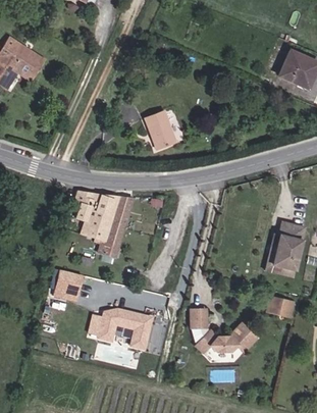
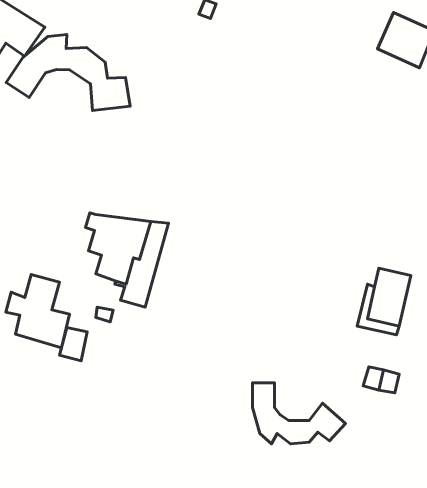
building: none -> [6,34,130,110]
building: [145,110,175,148] -> none
building: none -> [6,275,70,348]
building: [98,309,151,348] -> none

